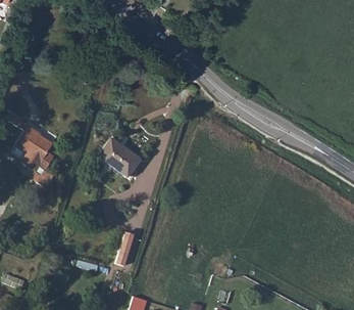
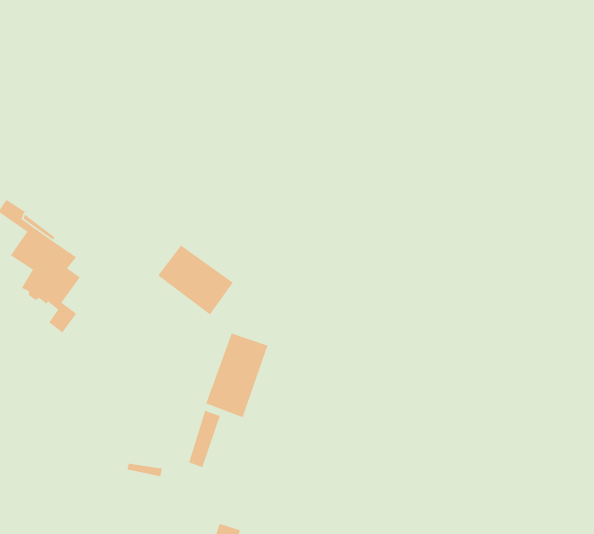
building: none -> [205,333,268,418]

